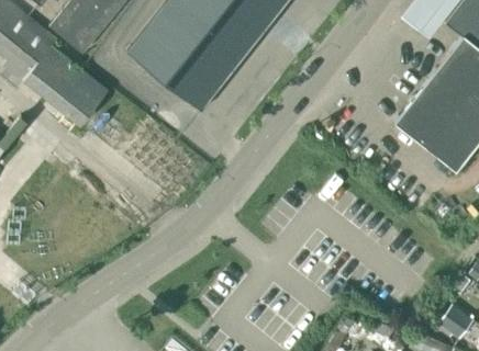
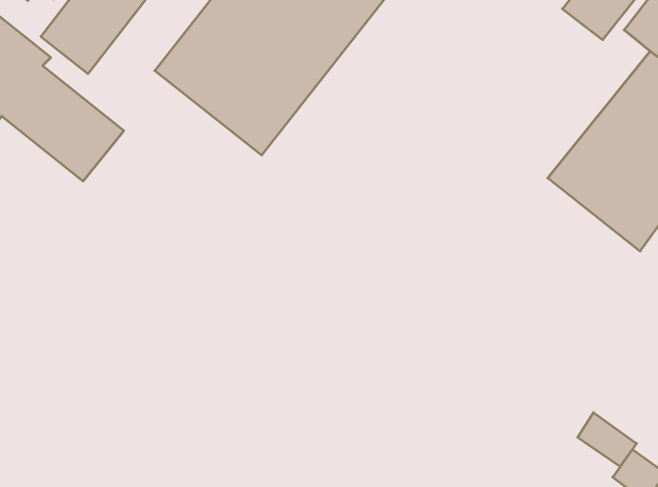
building: none -> [578,413,637,467]

